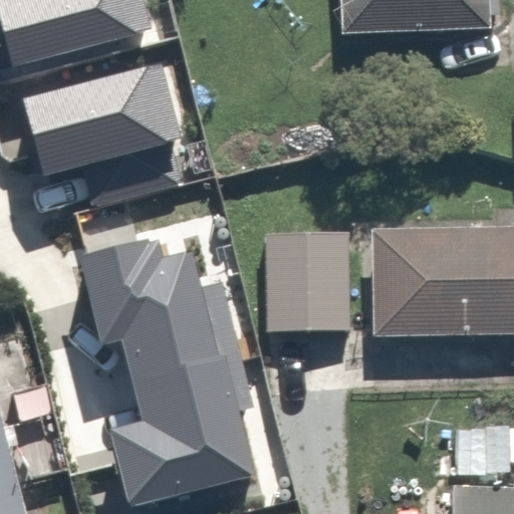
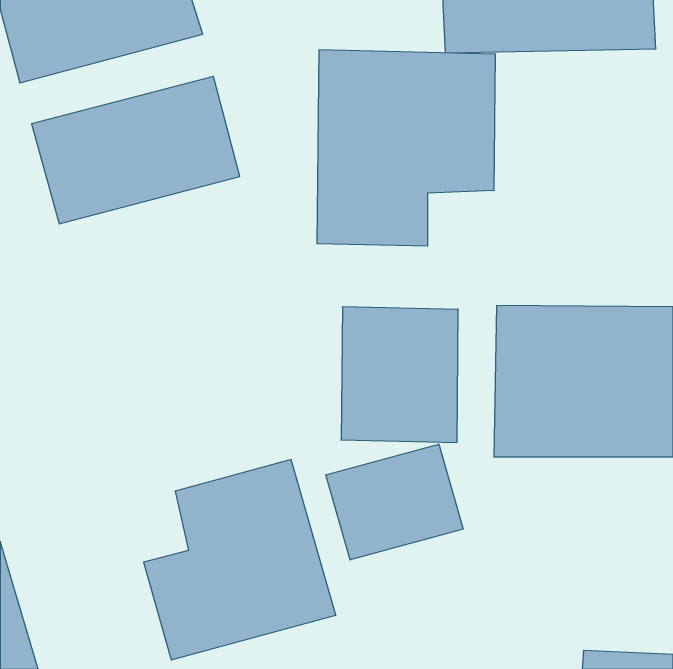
building: none -> [317,50,495,246]
building: [78,232,222,374] -> none
building: none -> [326,444,463,560]

